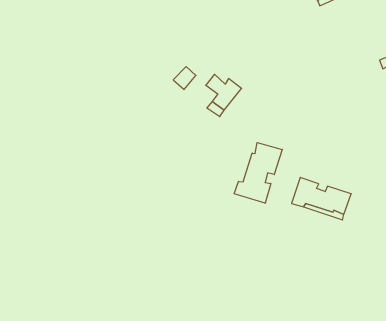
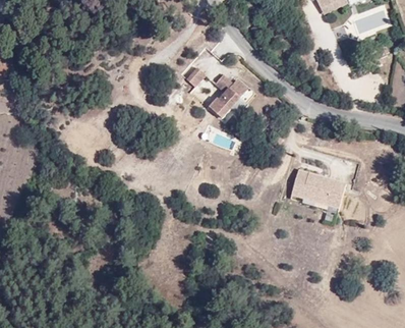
building: [234,143,282,203] -> none

